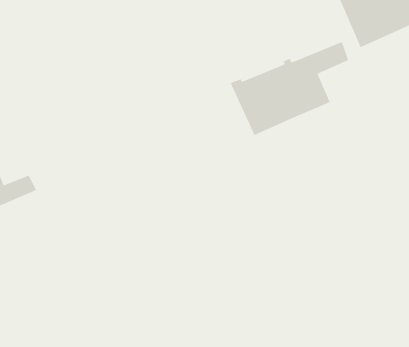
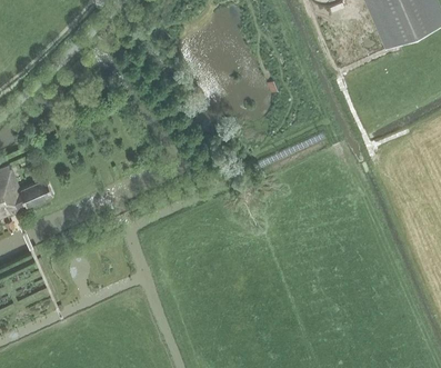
building: [230,41,349,136] -> none

